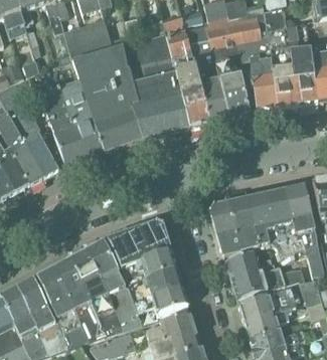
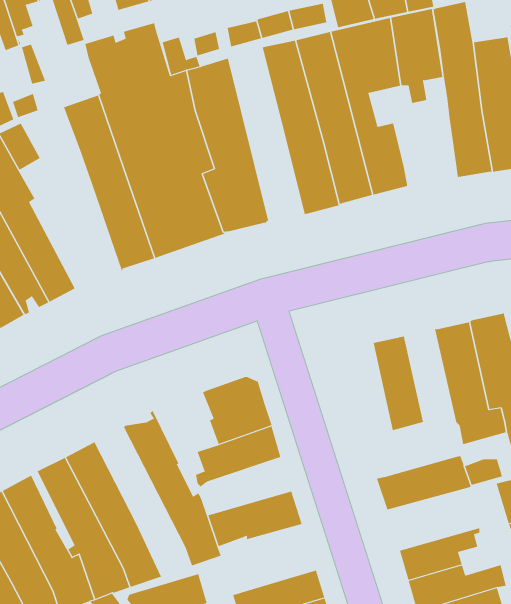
building: [146,32,189,132] -> none
building: [251,61,277,110] -> none
building: [41,91,85,167] -> none
building: [247,193,276,246] -> none
building: [209,201,239,255] -> none
building: [107,229,140,278] -> none
building: [69,249,125,335] -> none
building: [225,251,275,279] -> none
building: [129,266,182,300] -> none
building: [237,287,295,320] -> none
building: [144,312,196,345] -> none

